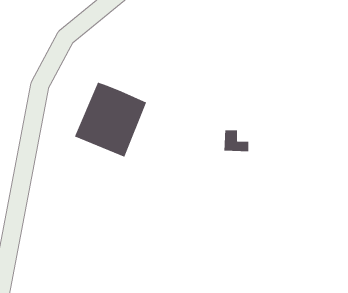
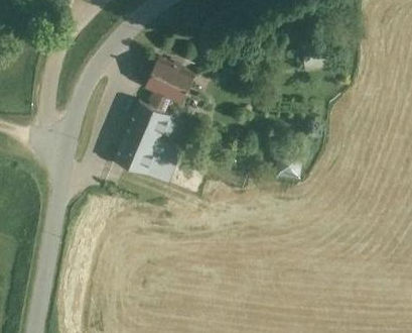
building: none -> [144,58,194,112]

